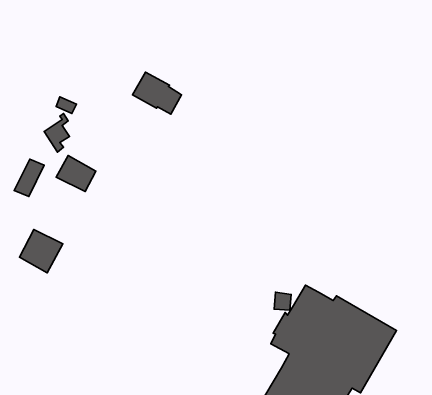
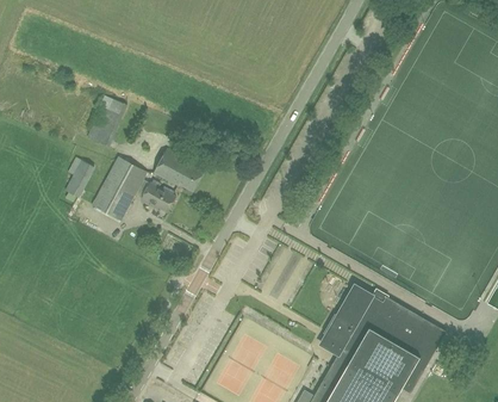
building: [132,72,182,114] -> [154,149,203,191]
building: none -> [141,183,175,212]
building: [20,230,63,273] -> [92,178,135,221]

